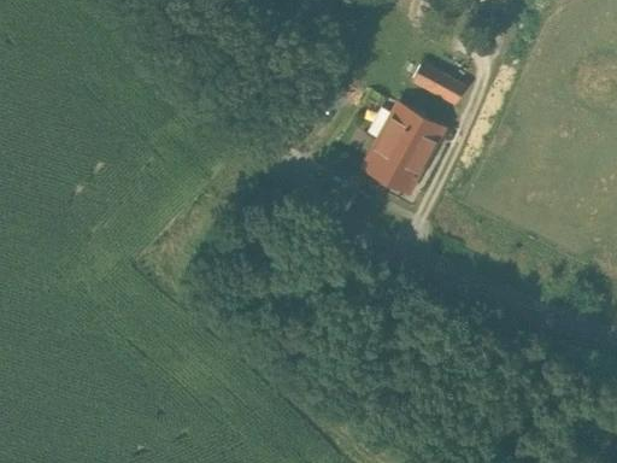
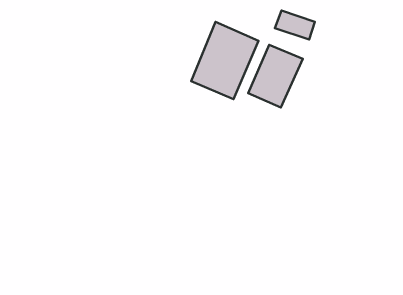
building: none -> [191,22,259,99]

